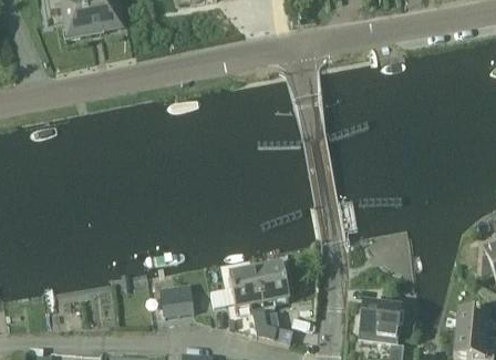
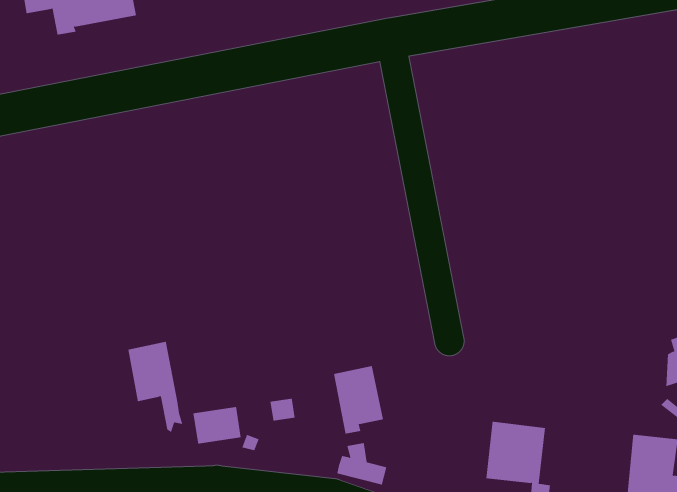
building: [229,268,267,330] -> [127,341,183,433]

